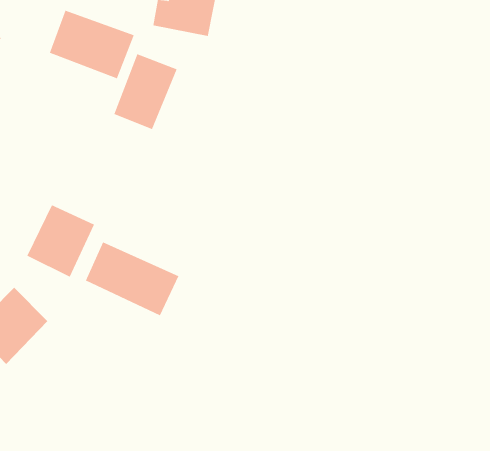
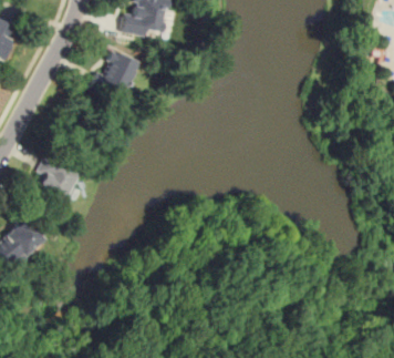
building: [49,10,134,79] -> none
building: [85,241,179,316] -> none

